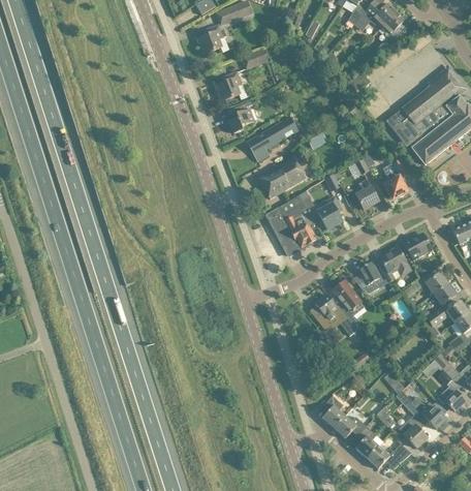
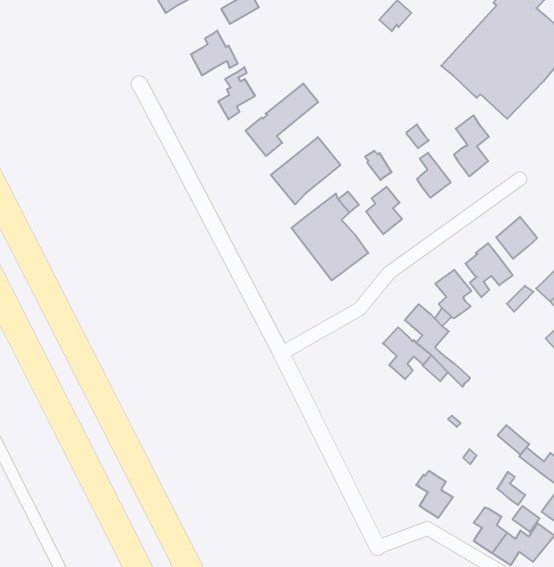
building: [334,417,367,439] -> none

